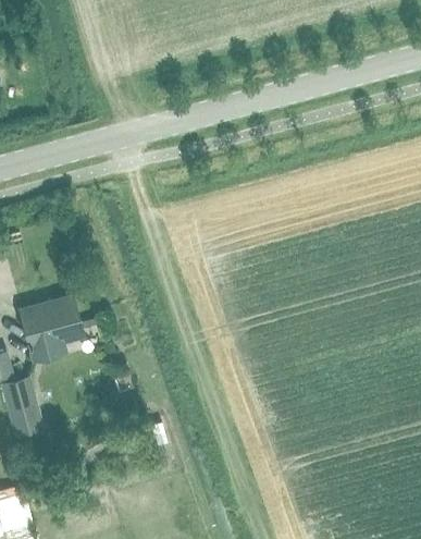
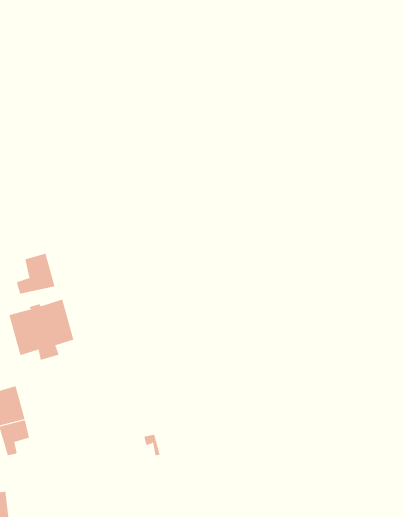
building: none -> [16,253,55,295]

